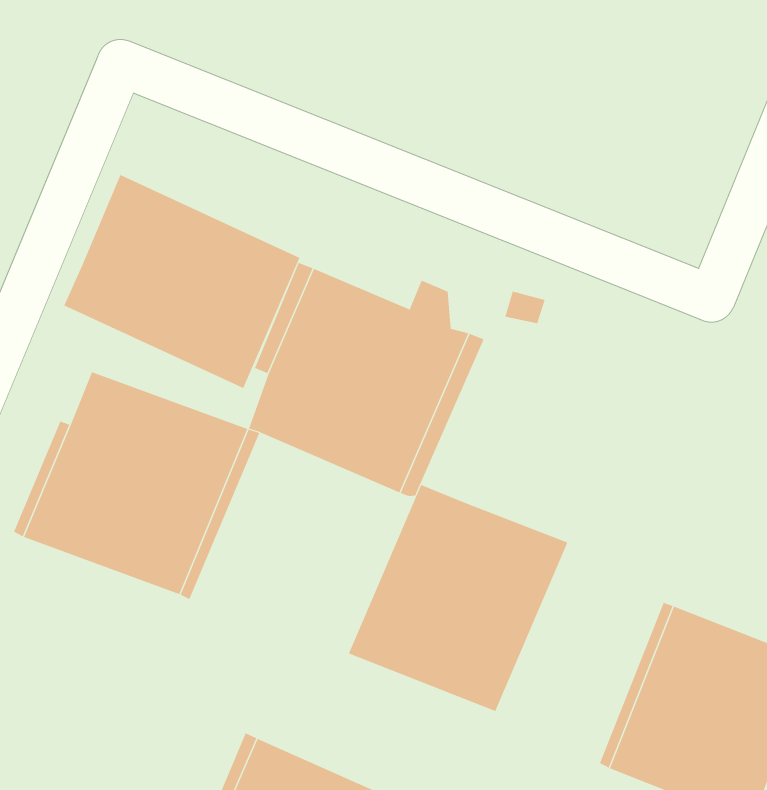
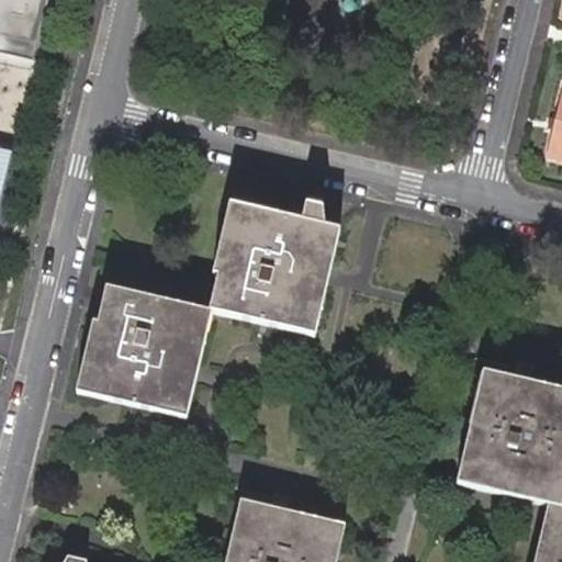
building: [64,174,300,389] -> none
building: [348,484,568,712] -> none

